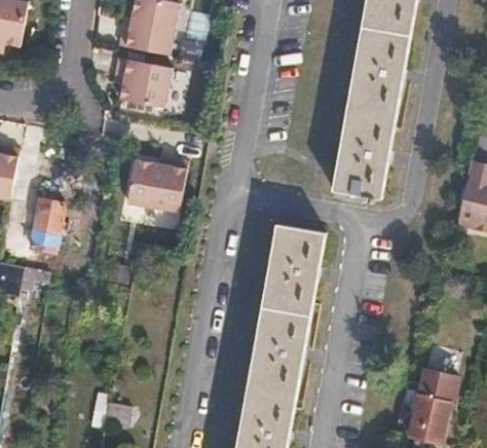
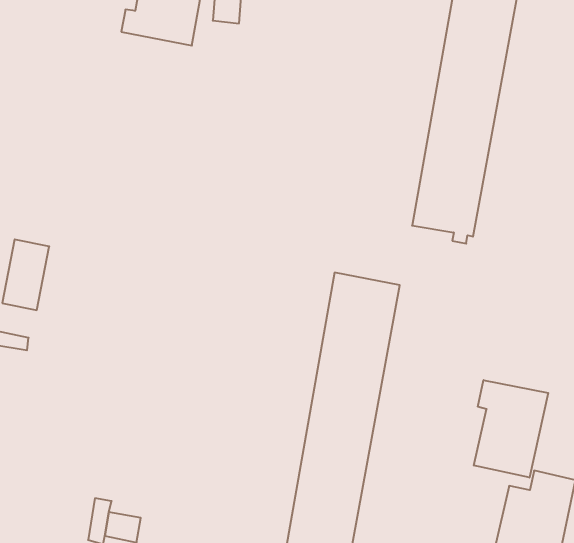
building: [115,58,173,107] -> none
building: [126,171,187,224] -> none
building: none -> [474,380,548,478]

